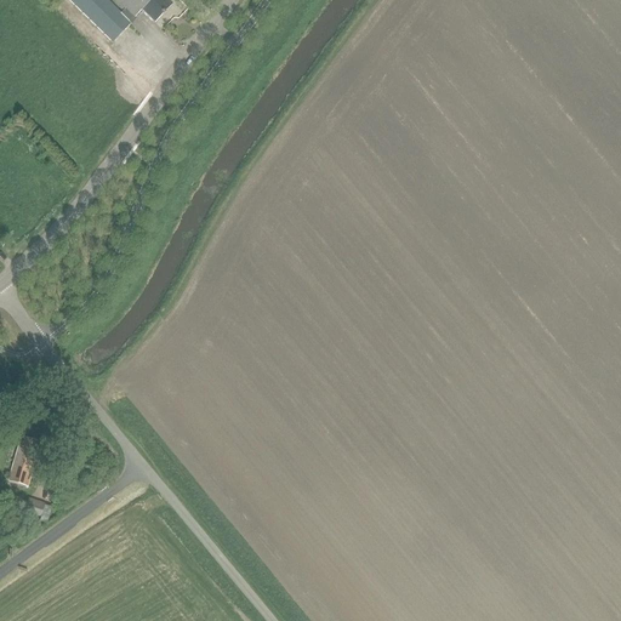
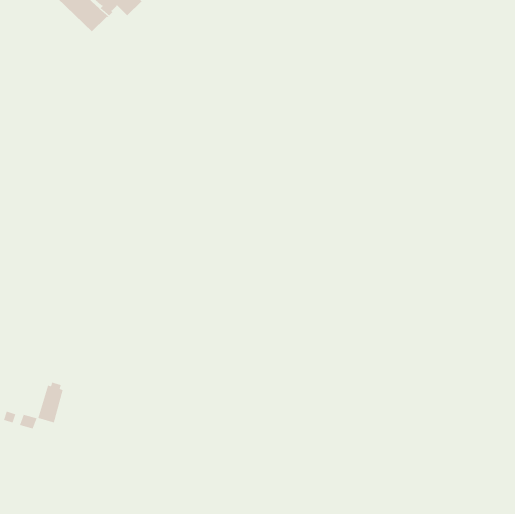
building: [8,435,40,485] -> [37,382,64,423]

